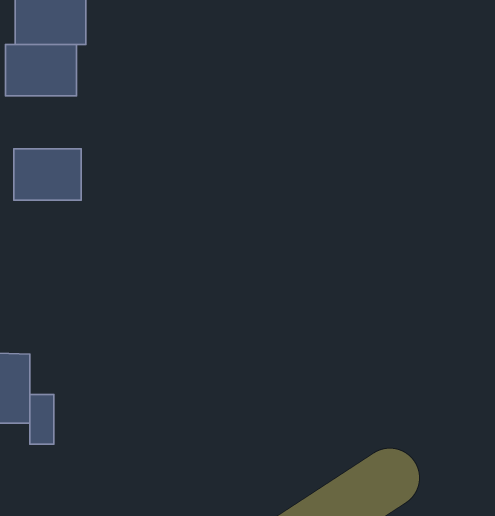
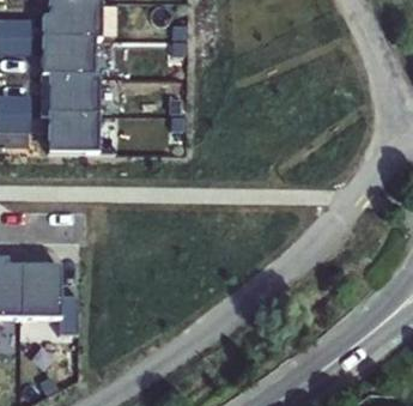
building: none -> [49,72,101,111]

